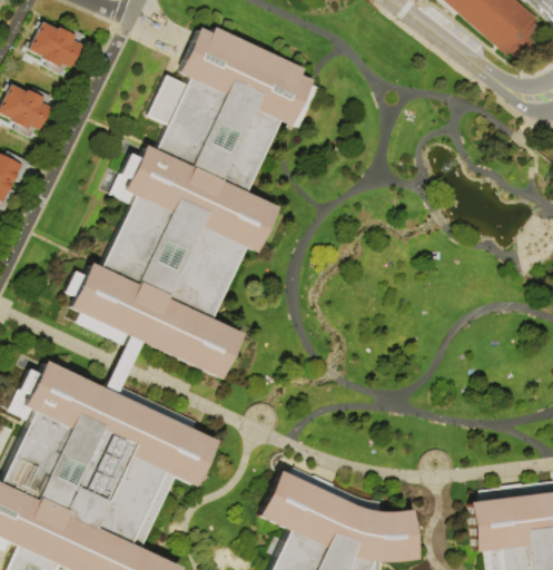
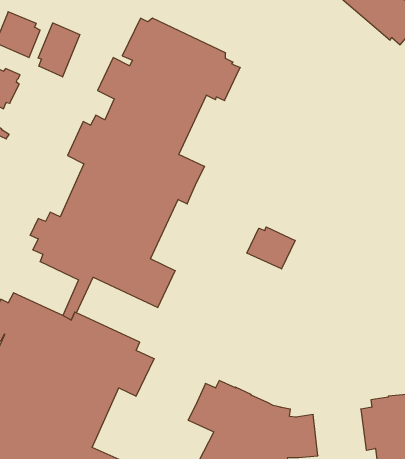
building: none -> [38,23,80,77]
building: none -> [247,227,295,269]

